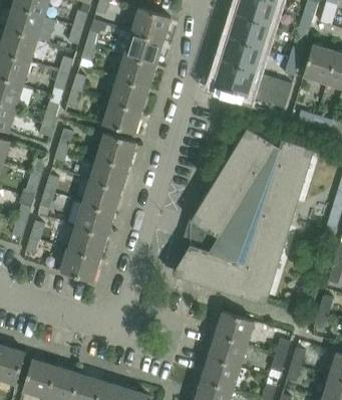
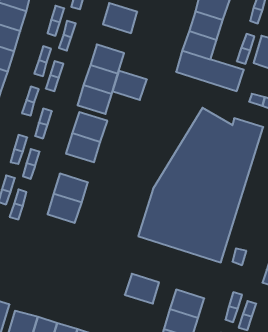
building: [124,32,163,65] -> [113,71,147,100]
building: [82,180,121,213] -> none
building: [60,249,99,282] -> none
building: [215,312,254,346] -> [125,274,159,304]

